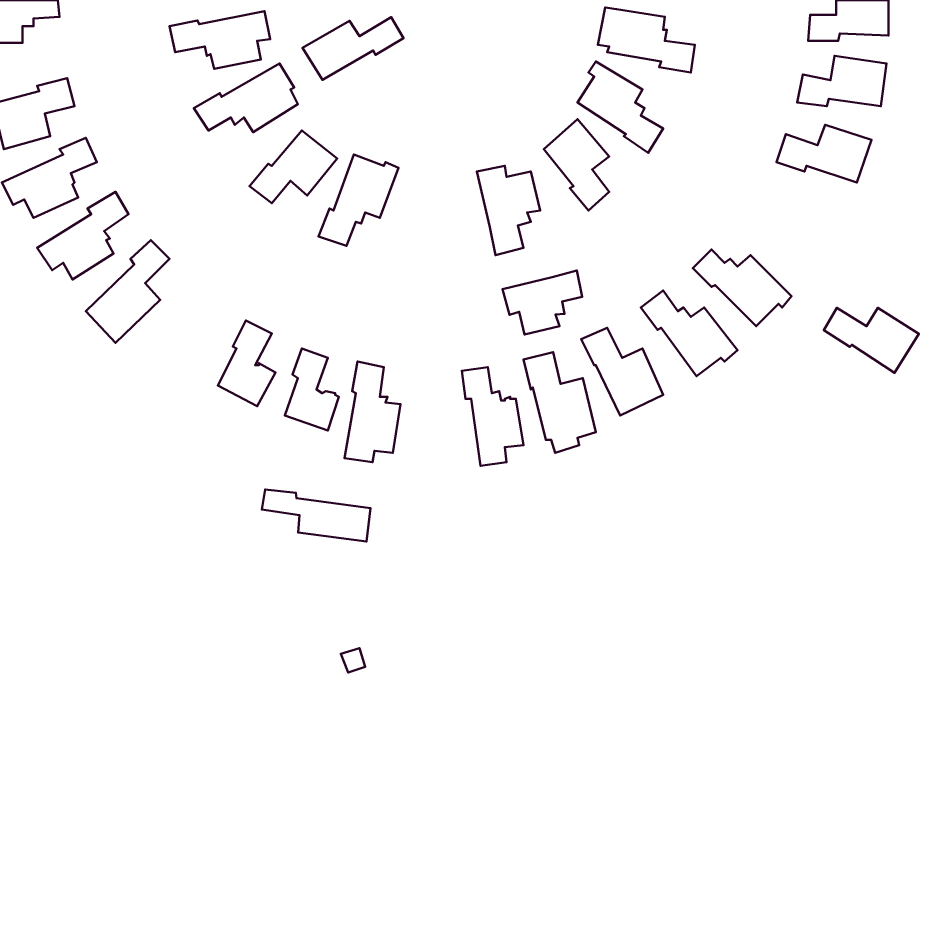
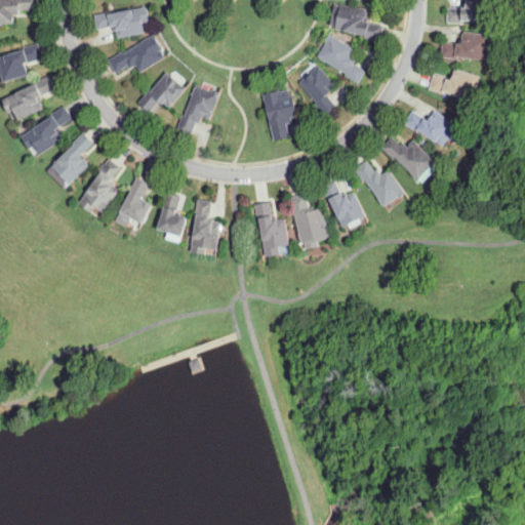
building: [303,17,404,80] -> none
building: [502,270,582,334] -> none
building: none -> [78,158,120,212]
building: [824,308,919,373] -> [404,111,456,147]
building: [262,489,371,542] -> none

